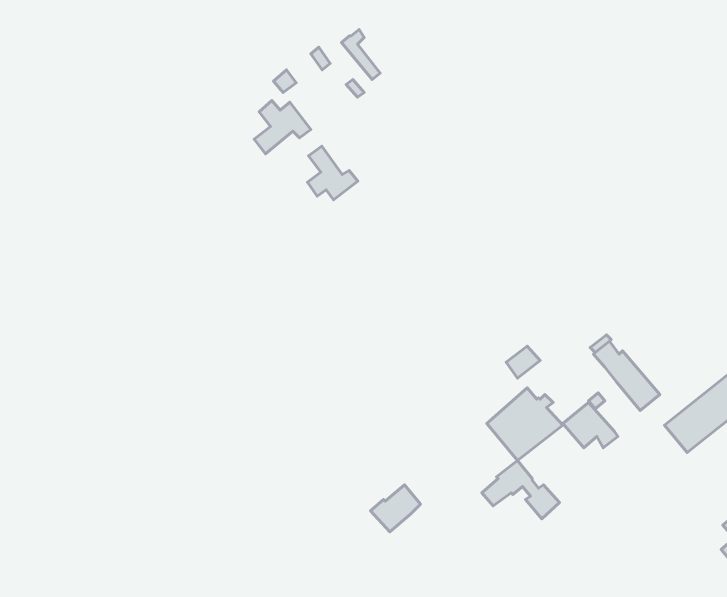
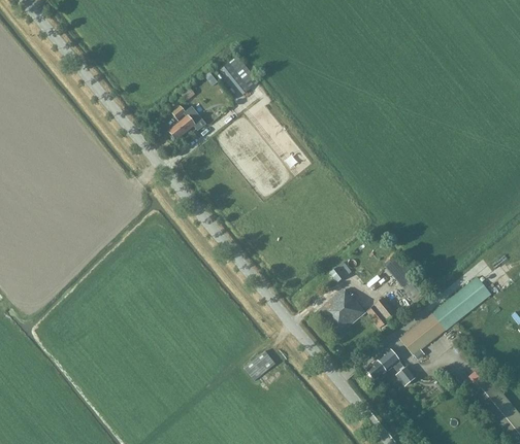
building: [308,146,358,200] -> none
building: none -> [400,312,446,357]
building: [482,461,560,519] -> [367,349,417,386]

